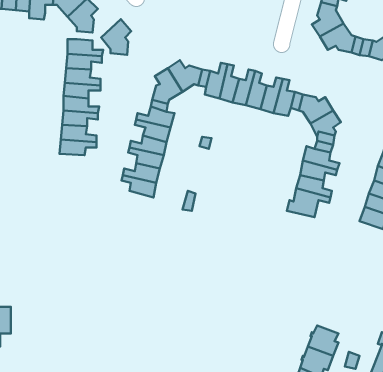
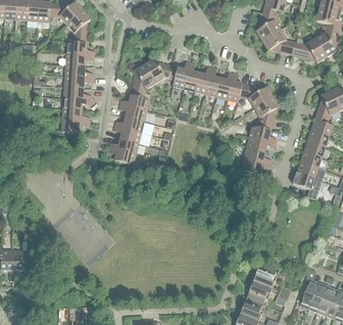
building: [101,19,131,55] -> none

